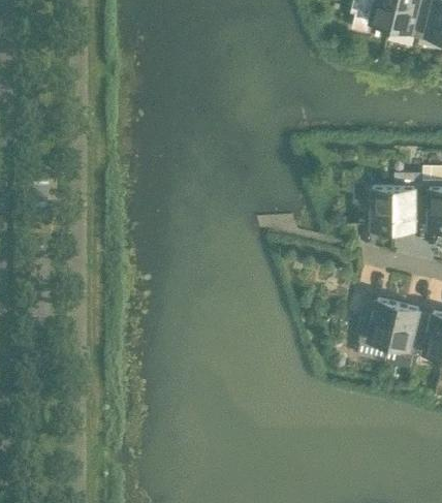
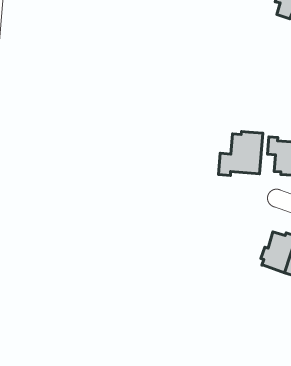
building: none -> [219,131,263,175]

